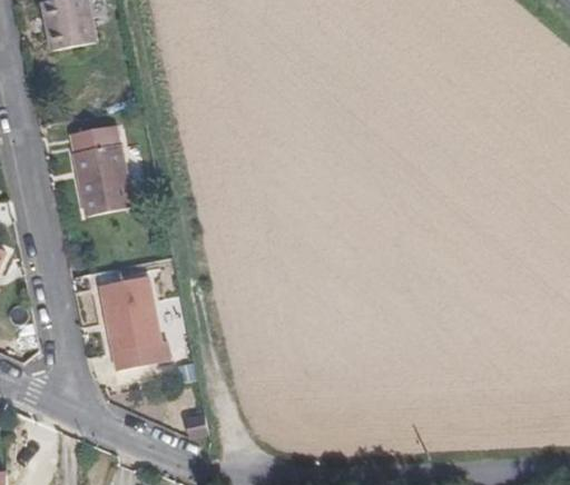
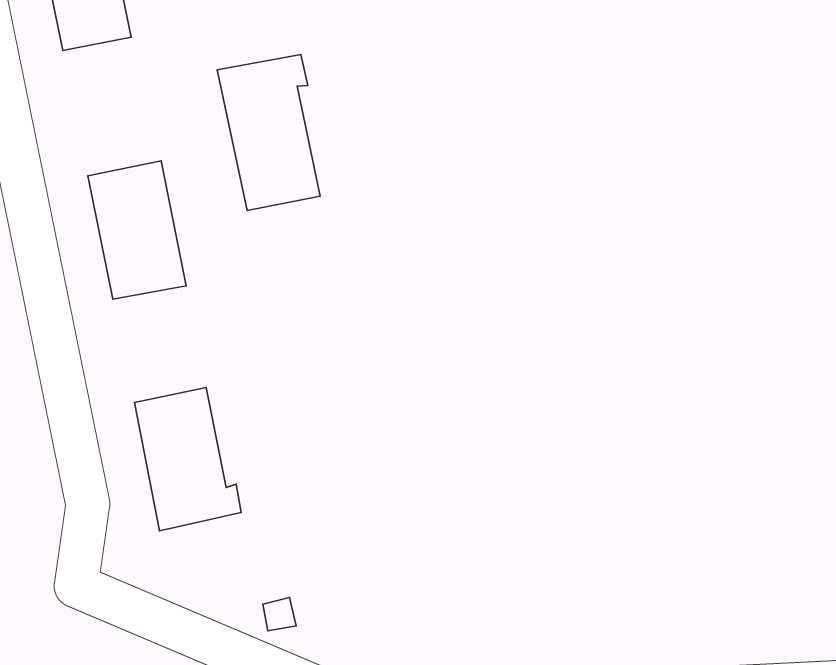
building: none -> [217,55,320,211]

